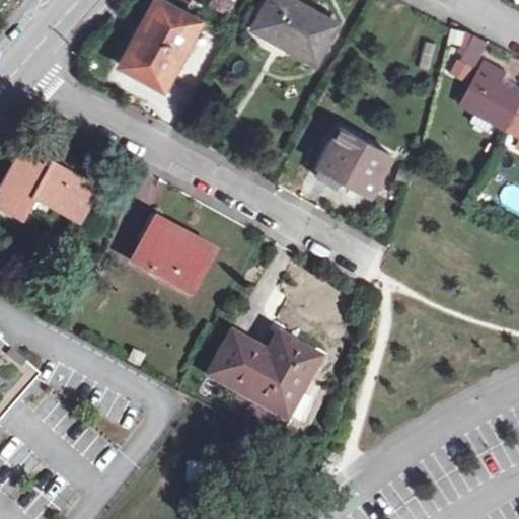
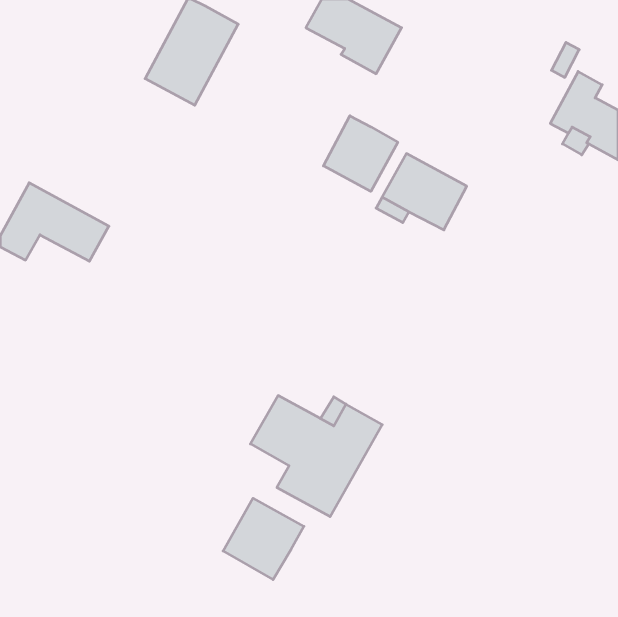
building: none -> [323,116,398,191]
building: [135,223,209,290] -> none
building: none -> [223,498,304,580]

